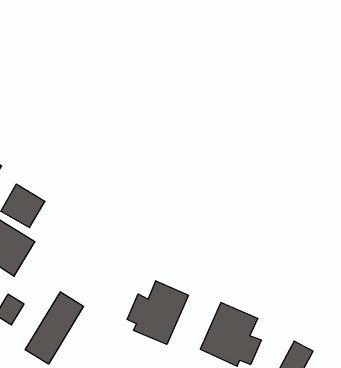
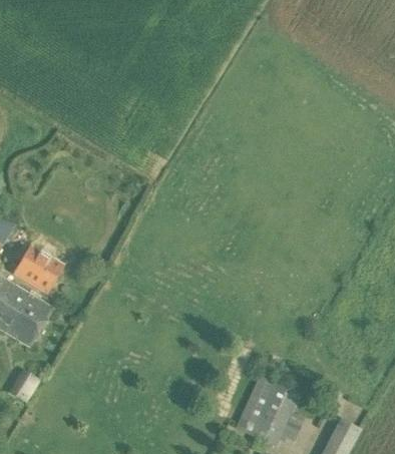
building: [127,281,188,344] -> none
building: [25,292,84,364] -> none

